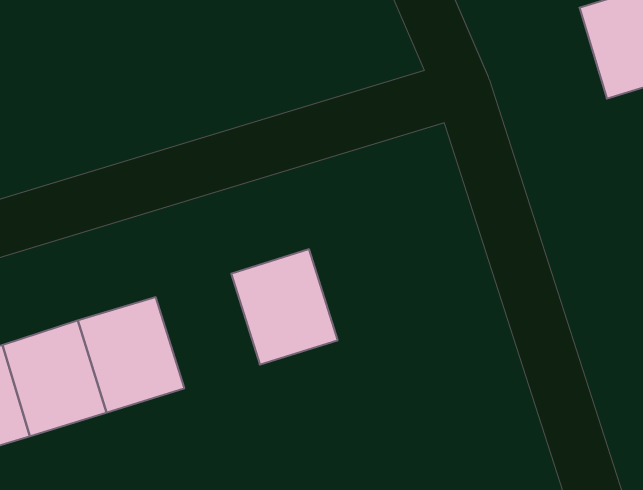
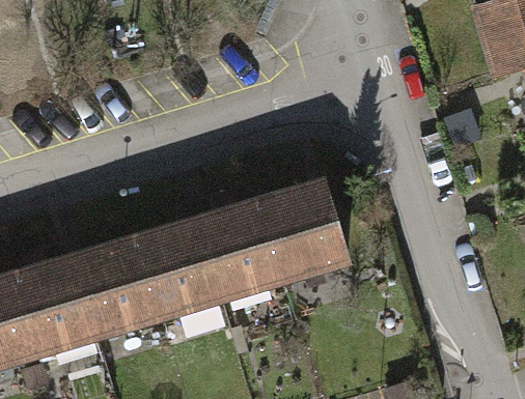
building: none -> [255,182,343,275]
building: none -> [133,222,216,313]

